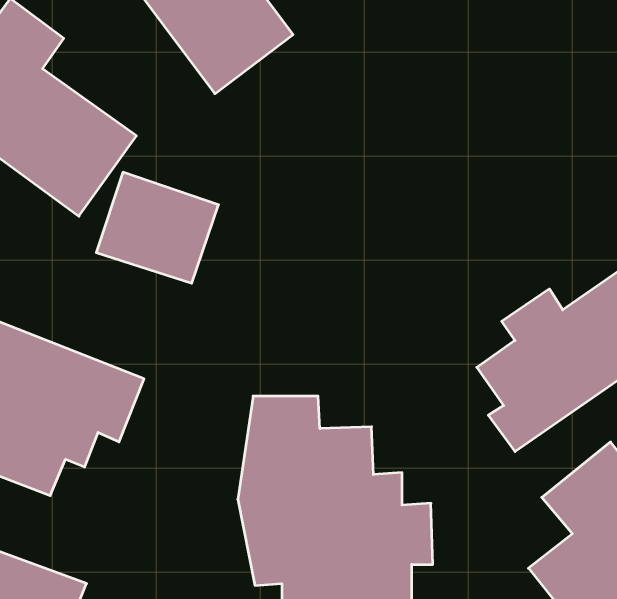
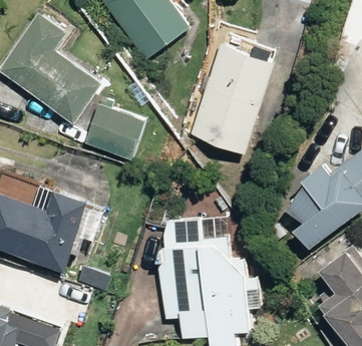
building: none -> [189,19,280,155]

